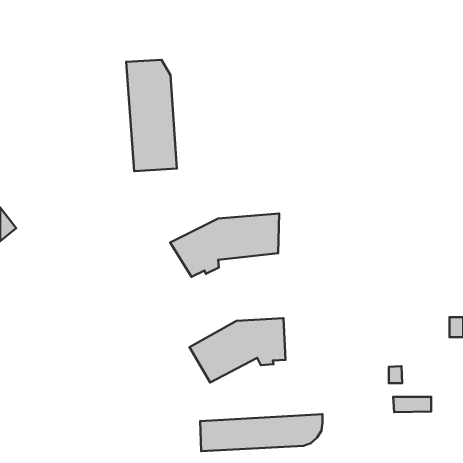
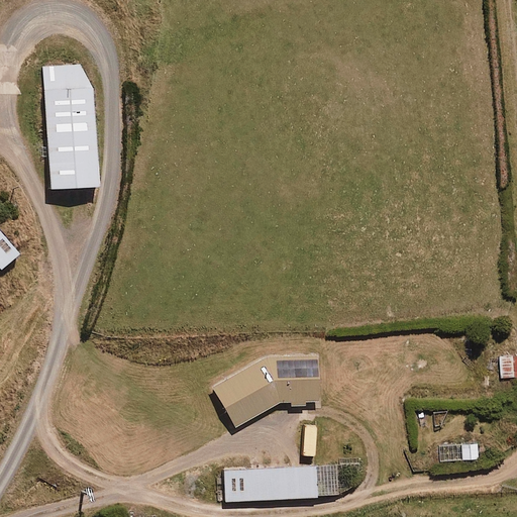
building: [126,60,177,171] -> [41,65,98,189]
building: [170,213,279,277] -> none

